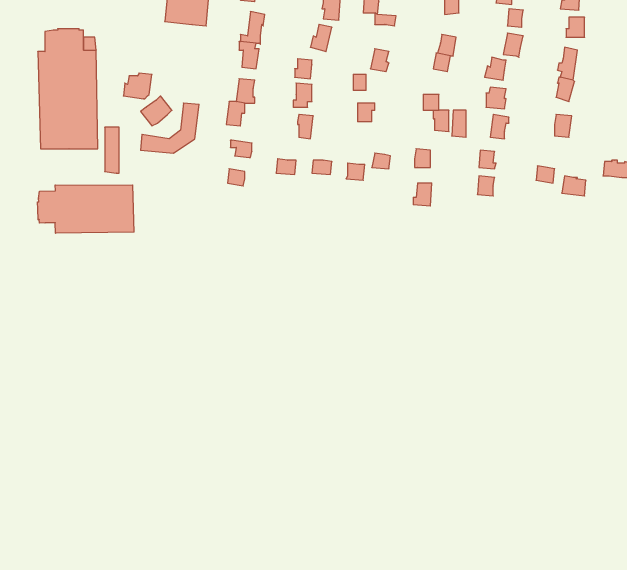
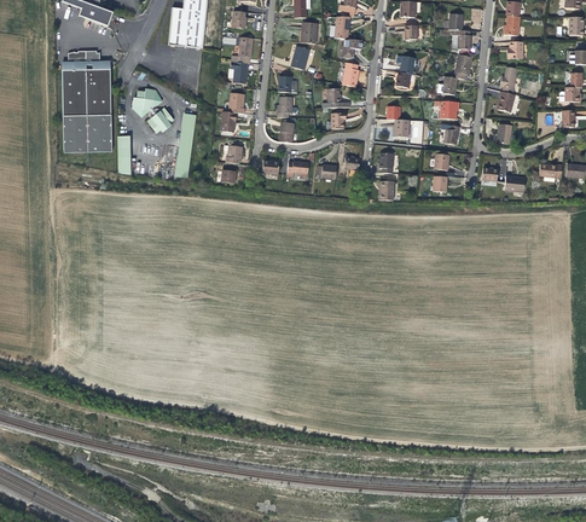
building: [38,185,134,233] -> none

